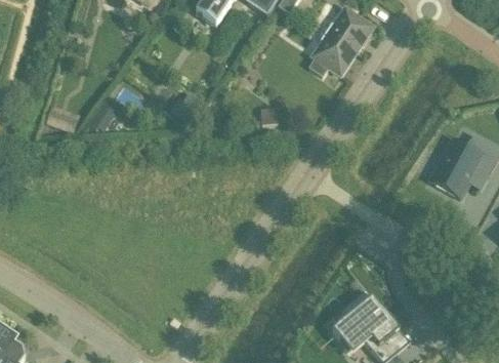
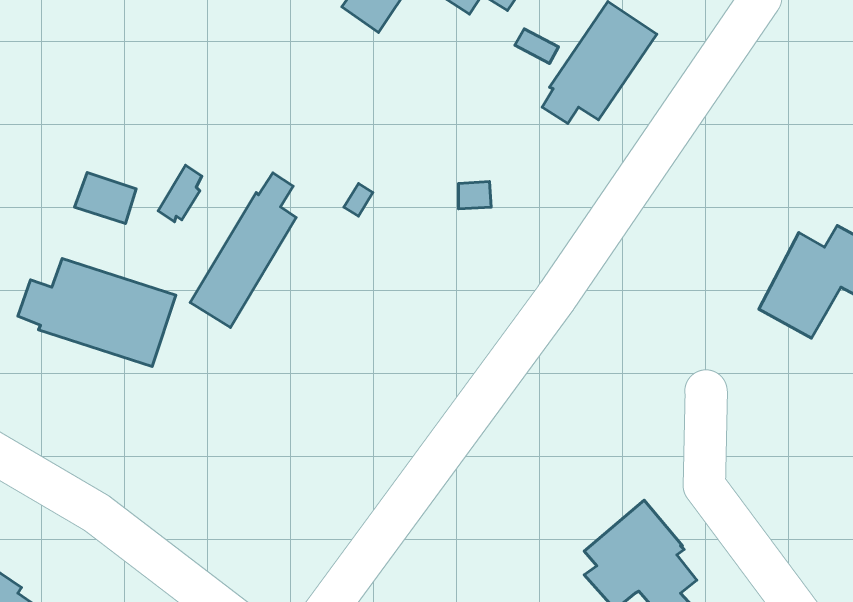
building: none -> [190,173,296,327]
building: none -> [18,259,176,366]

